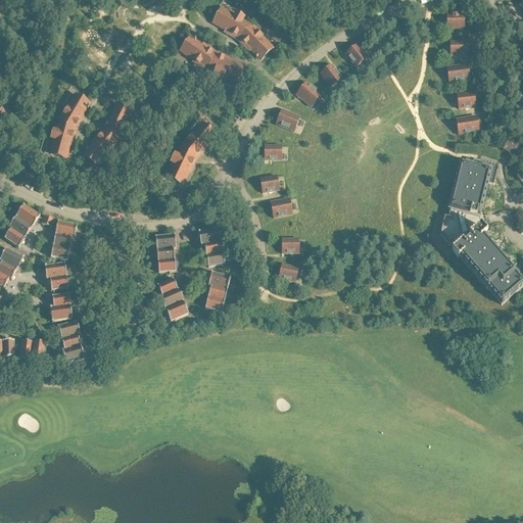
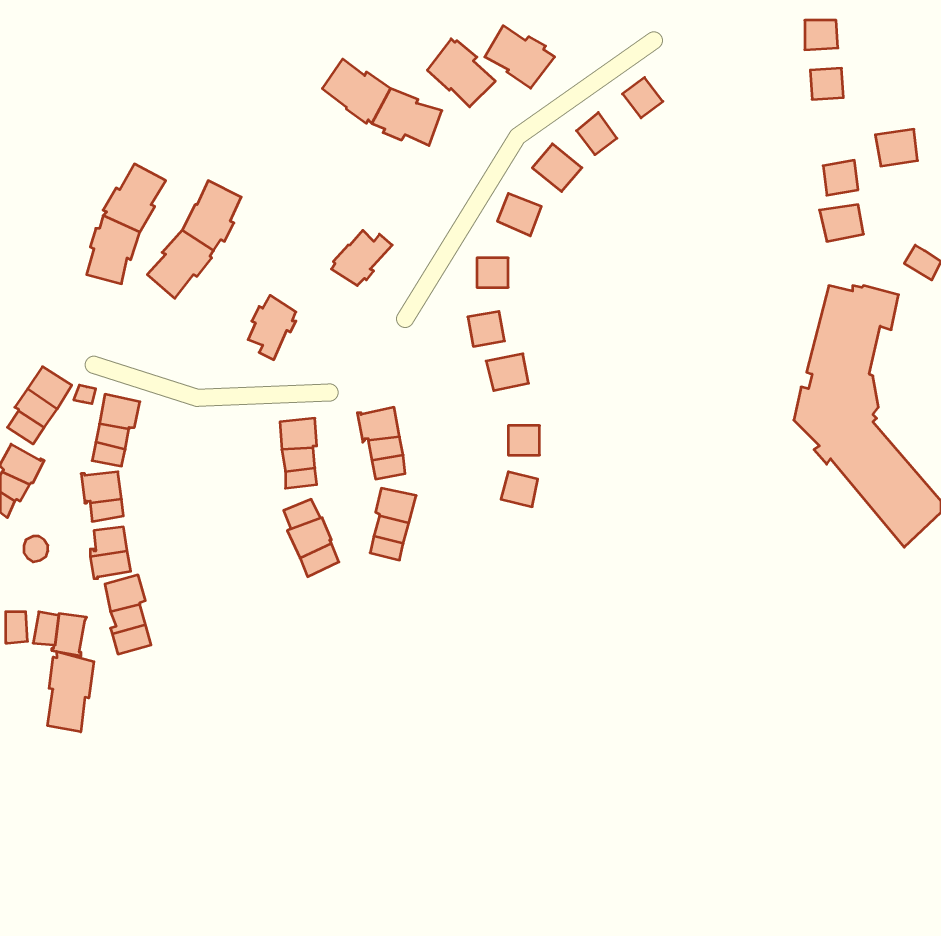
building: [211,4,250,39] -> [485,26,555,88]
building: [446,61,470,82] -> [875,129,918,166]
building: [172,149,198,185] -> [248,295,296,360]
building: none -> [48,651,94,732]

